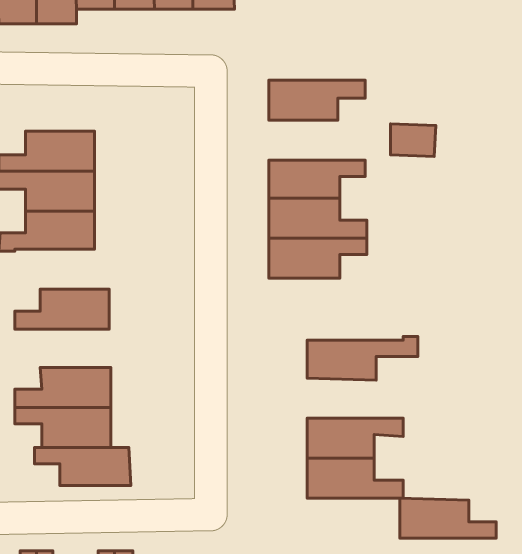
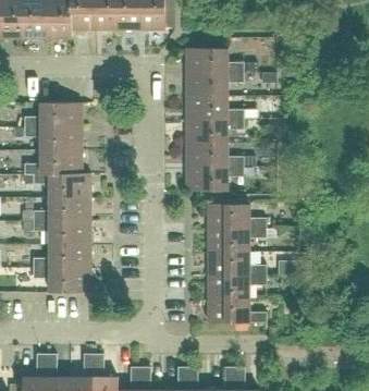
building: none -> [185,48,243,72]
building: none -> [185,96,243,120]
building: none -> [33,173,89,197]
building: none -> [208,204,266,228]
building: [35,447,131,486] -> [33,221,90,244]
building: [400,498,496,538] -> [208,251,266,274]

